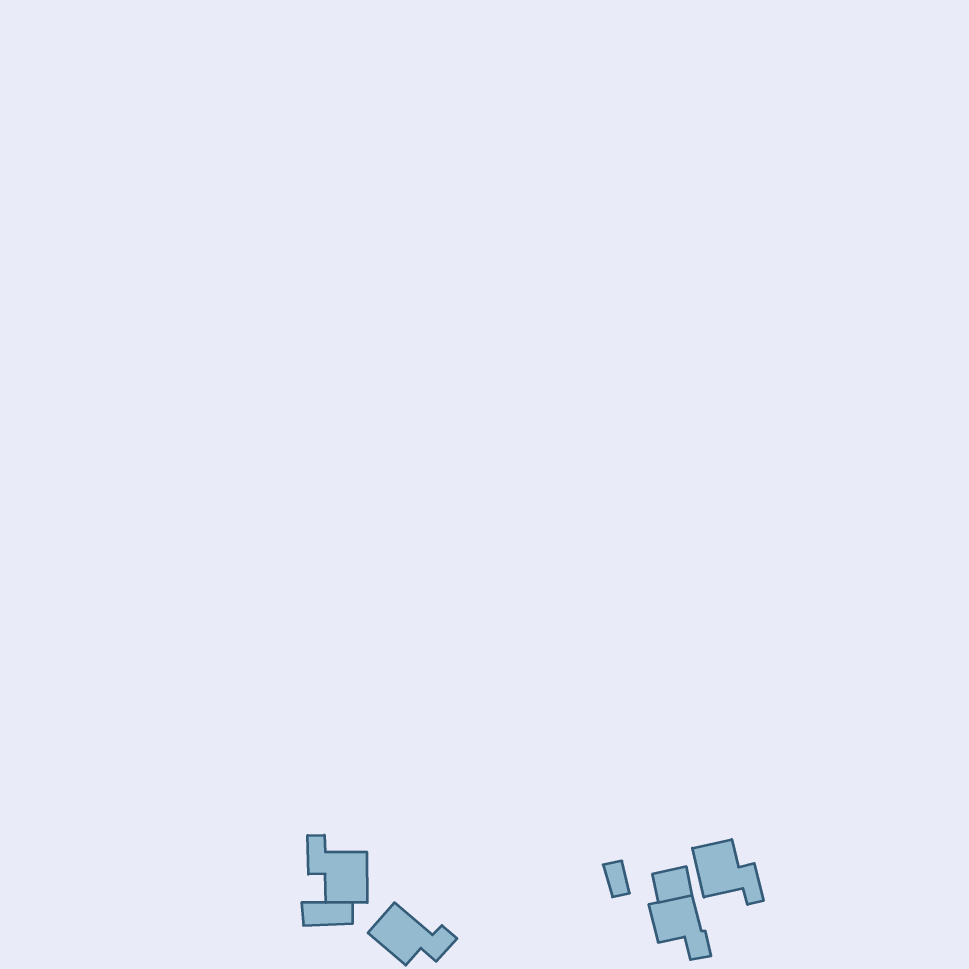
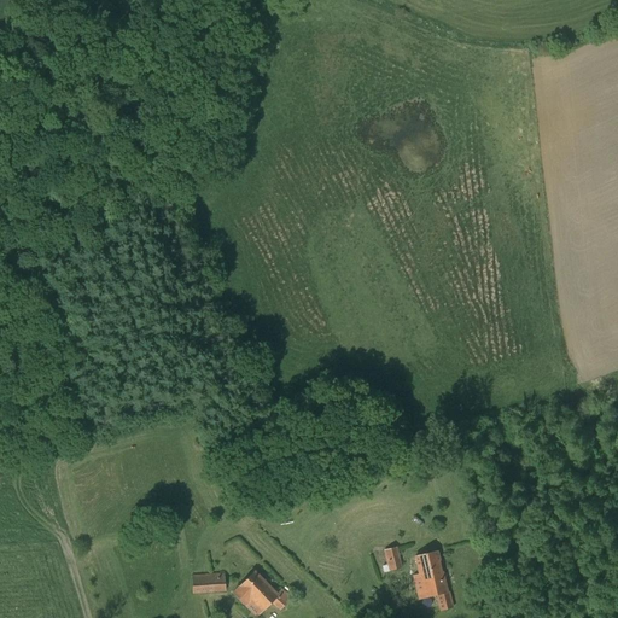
building: [308,835,367,903] -> none
building: [692,839,763,905] -> none

